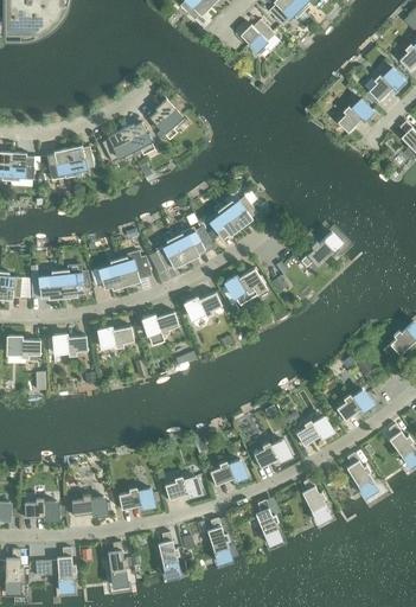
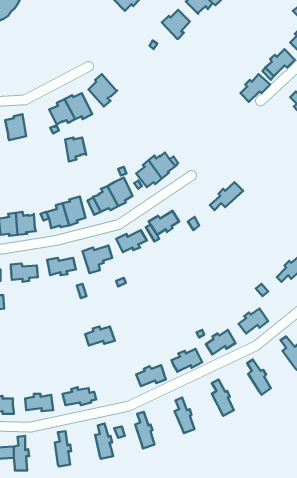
building: [68,146,94,175] -> [65,137,86,161]
building: [164,475,200,499] -> [85,326,115,346]

